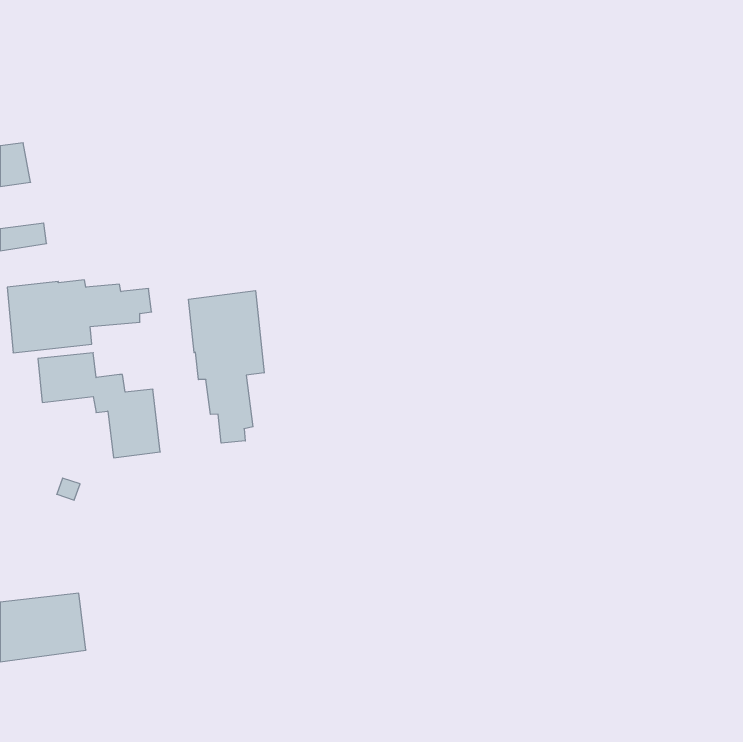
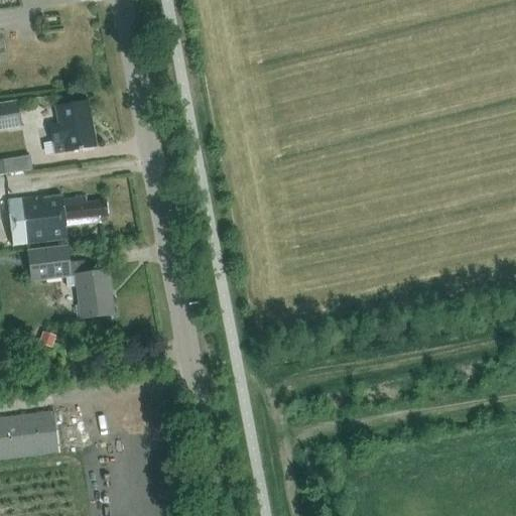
building: none -> [50,102,96,155]
building: [189,291,264,443] -> none

